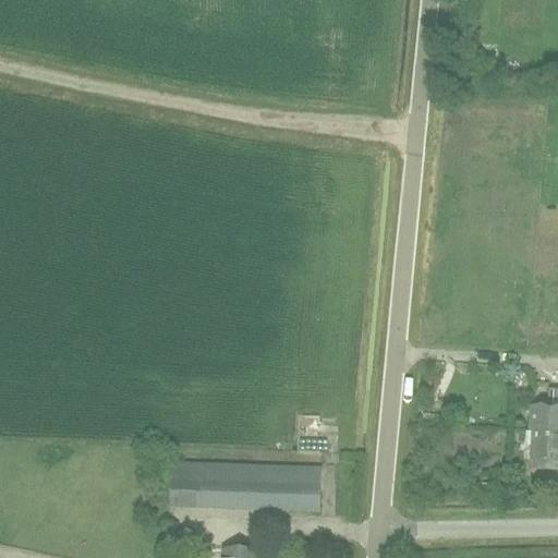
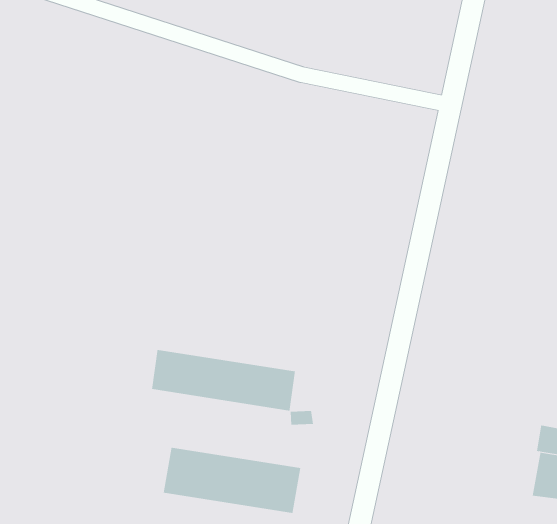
building: none -> [151,349,295,412]
building: [170,462,203,505] -> none

